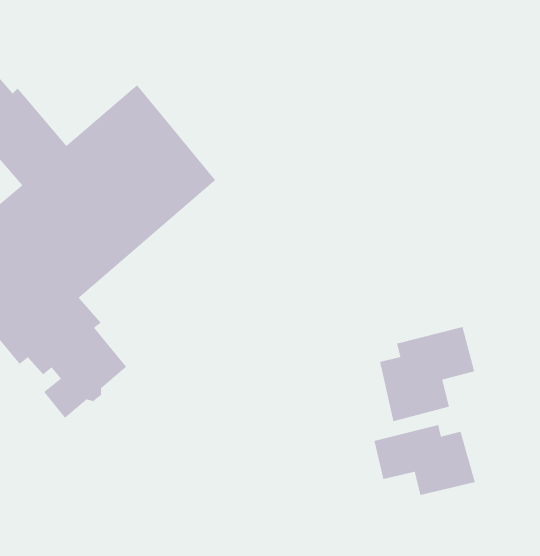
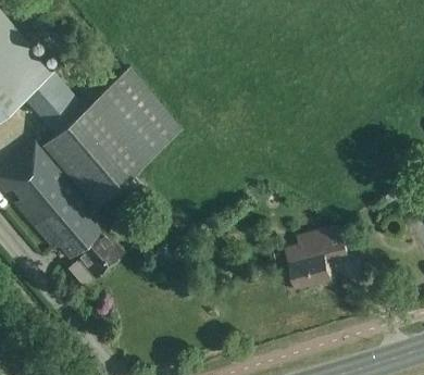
building: [373,424,476,496] -> none

